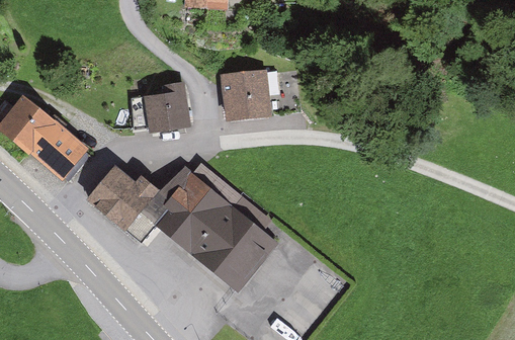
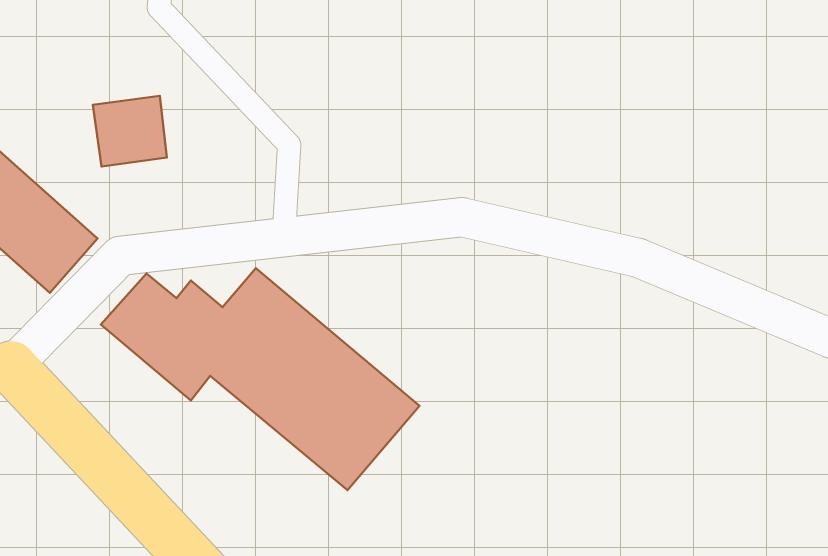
building: [223,70,271,122] -> none
building: [145,91,187,132] -> [93,96,167,166]

